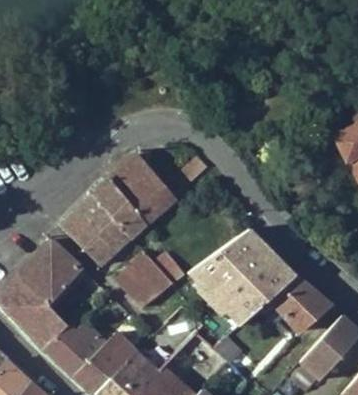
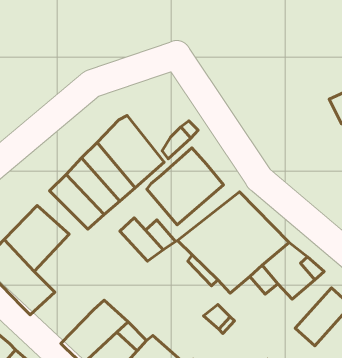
building: none -> [147,148,223,225]
building: [116,266,158,308] -> none
building: [44,322,106,375] -> none

